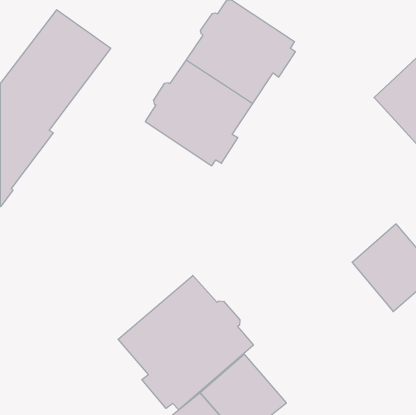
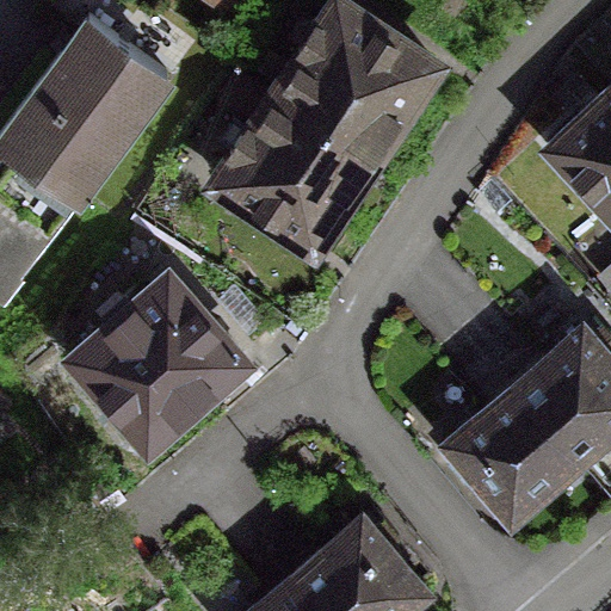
building: none -> [76,279,237,439]
building: none -> [450,388,576,514]
building: [118,275,253,410] -> none

